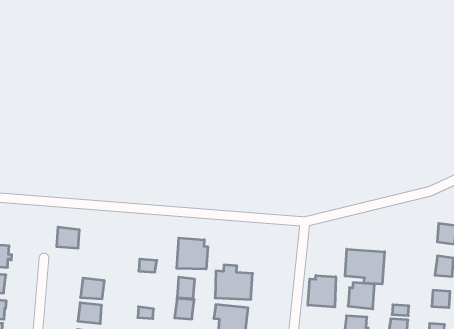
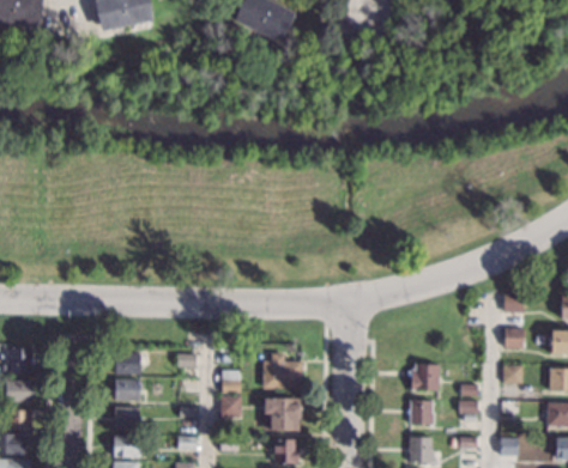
building: [57,227,79,248] -> [116,352,140,373]
building: [177,238,208,269] -> none
building: [345,249,385,284] -> none
building: [308,275,336,307] -> none

